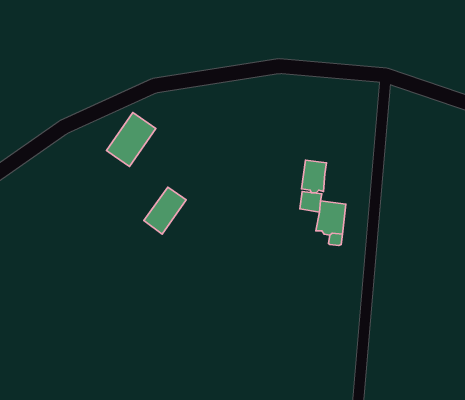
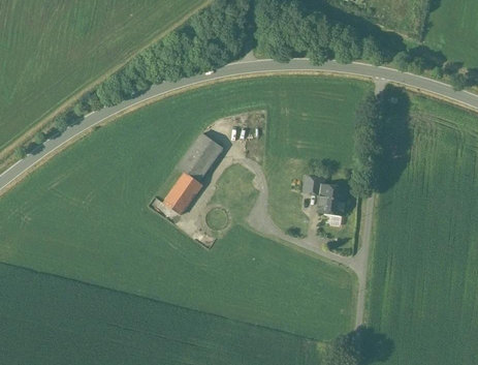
building: [106,112,156,166] -> [178,132,222,181]
building: [302,160,327,193] -> none

